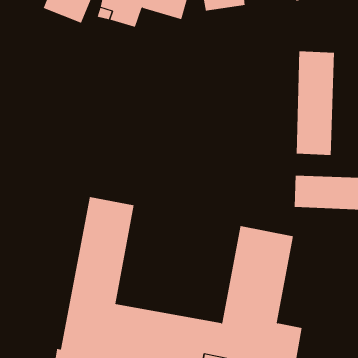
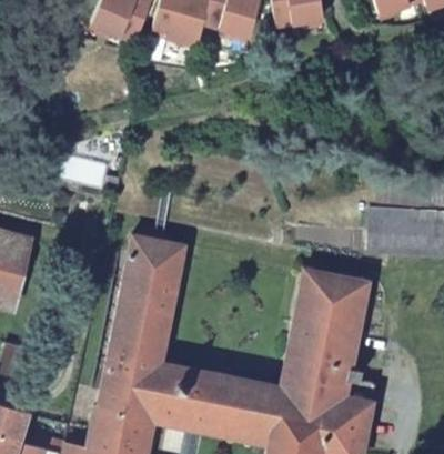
building: [296,51,335,156] -> none

